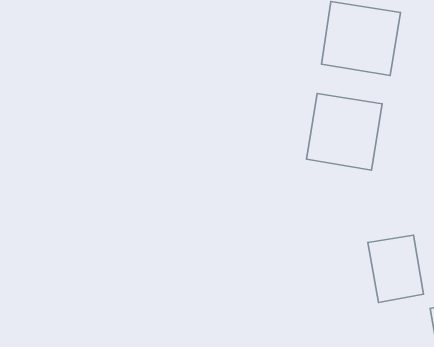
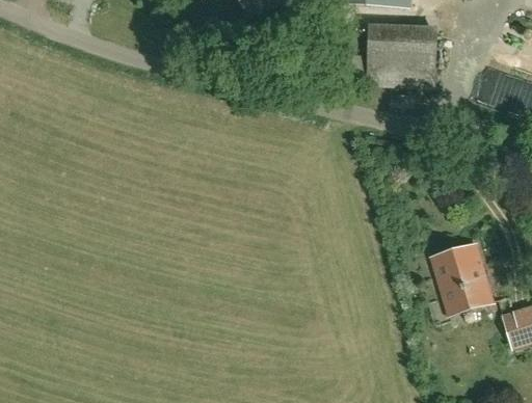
building: [307,94,382,170] -> none

